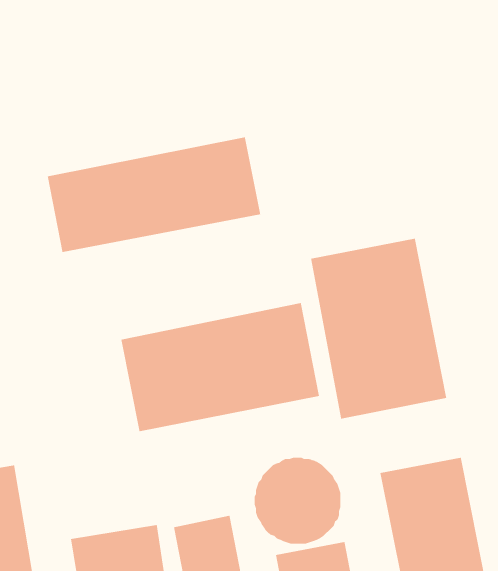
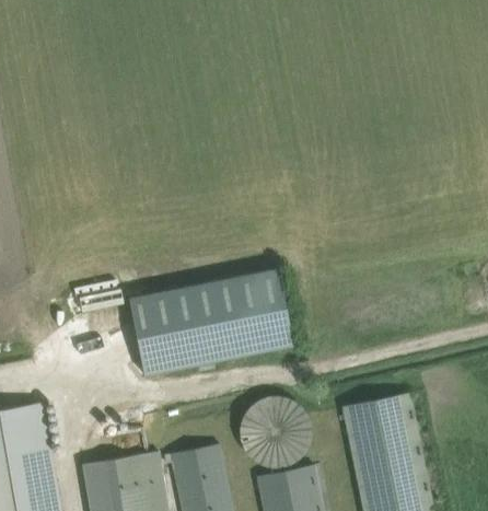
building: [47,137,261,253] -> none
building: [310,238,447,419] -> none

